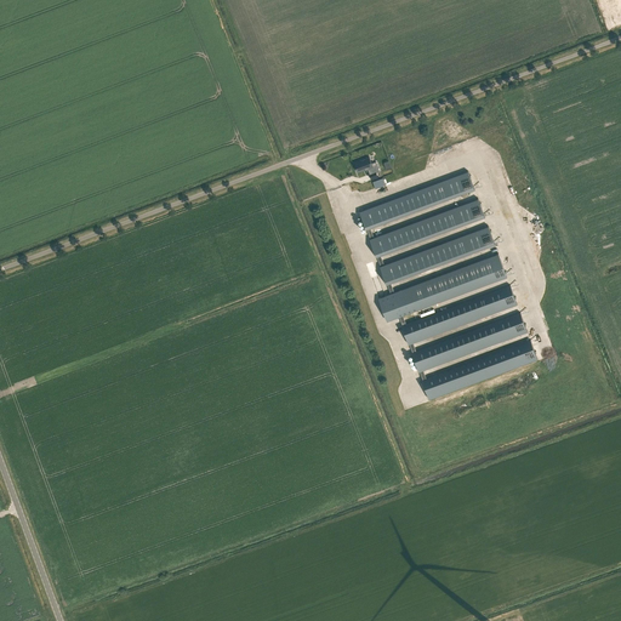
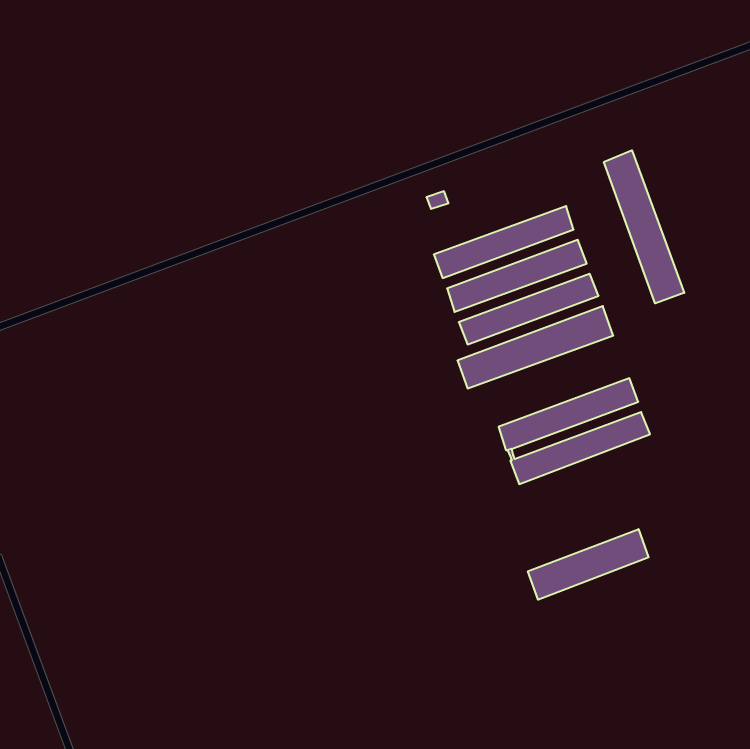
building: none -> [604,150,684,303]
building: [400,287,515,346] -> none
building: none -> [528,529,649,600]

